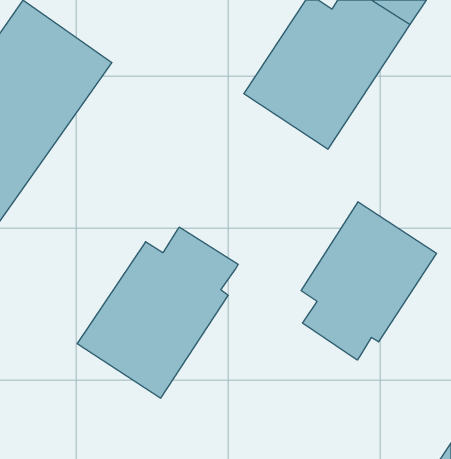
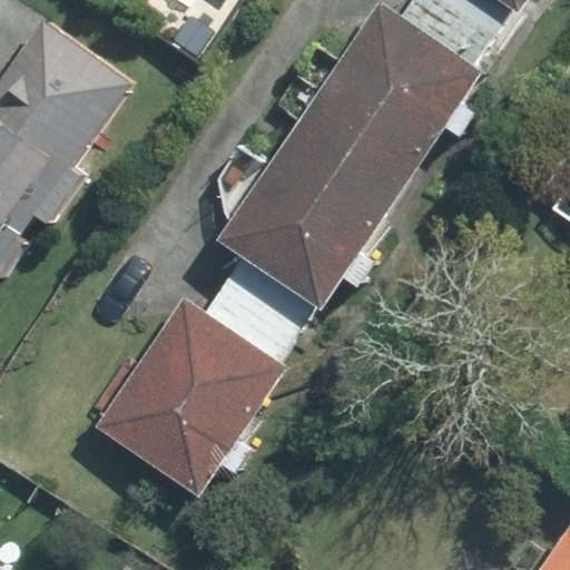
building: none -> [219,121,402,331]
building: [301,202,437,360] -> none

